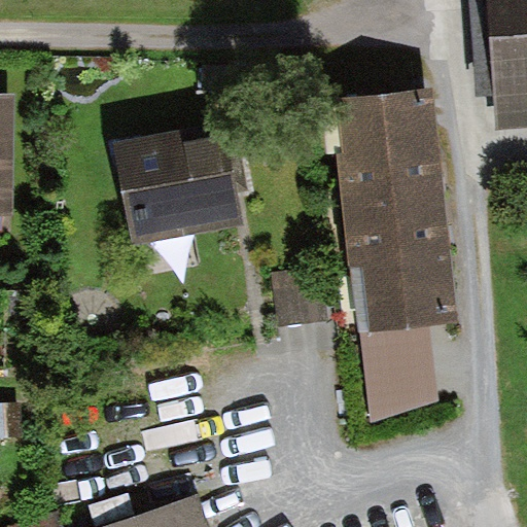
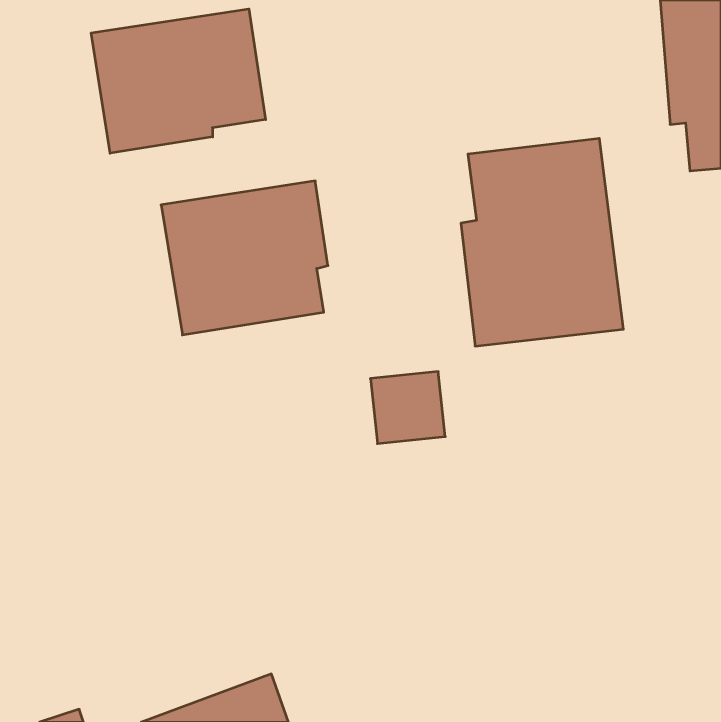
building: none -> [91,9,266,153]
building: [346,240,464,421] -> none

